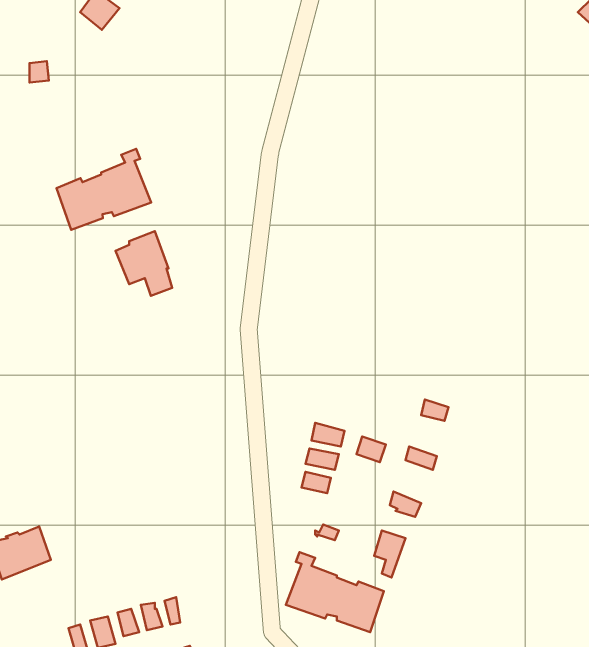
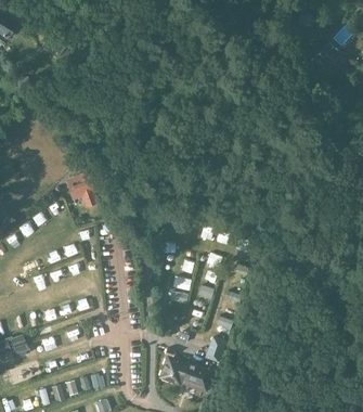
building: [56,149,151,230] -> none

